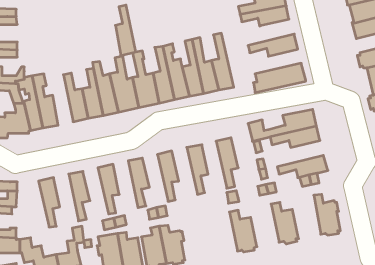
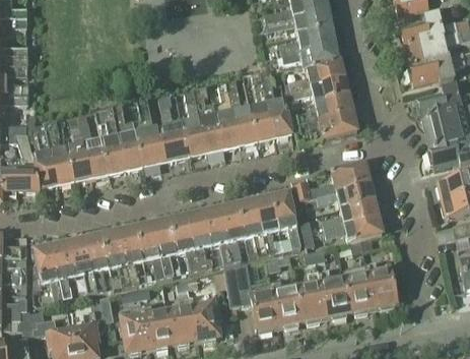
building: [115,5,136,55] -> [68,123,91,181]
building: none -> [289,59,344,89]
building: none -> [261,73,292,137]
building: none -> [297,94,352,122]
building: none -> [272,191,301,247]
building: none -> [323,198,378,229]
building: none -> [239,199,267,255]
building: none -> [204,206,233,264]
building: none -> [171,215,200,270]
building: none -> [137,222,165,278]
building: none -> [103,230,132,285]
building: none -> [69,237,97,293]
building: none -> [35,245,64,300]
building: none -> [344,261,375,313]
building: none -> [222,263,279,332]
building: none -> [298,272,327,322]

